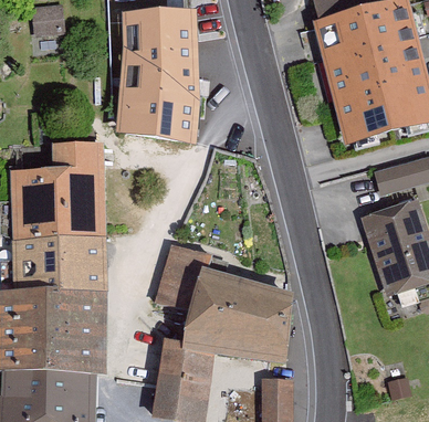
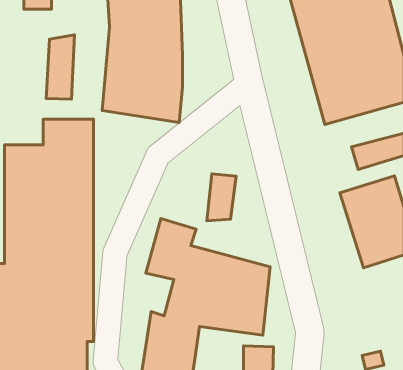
building: none -> [46,35,75,99]
building: none -> [207,174,236,221]

